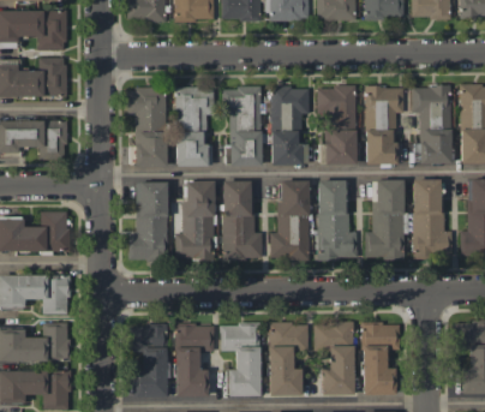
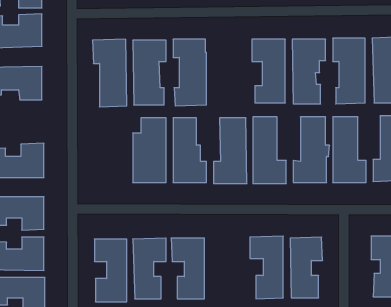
building: [271,88,310,165] -> none
building: [130,183,168,261] -> none
building: [269,323,309,396] -> none

